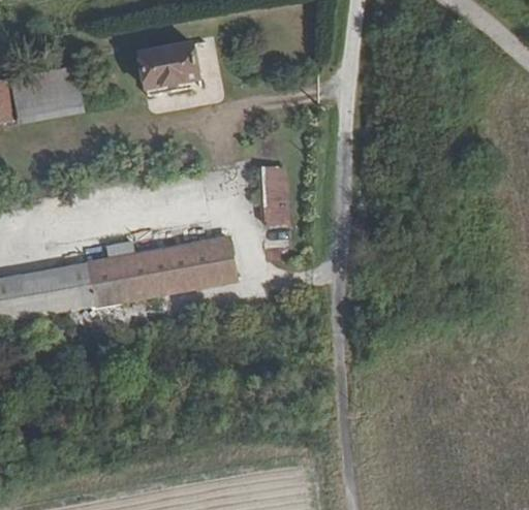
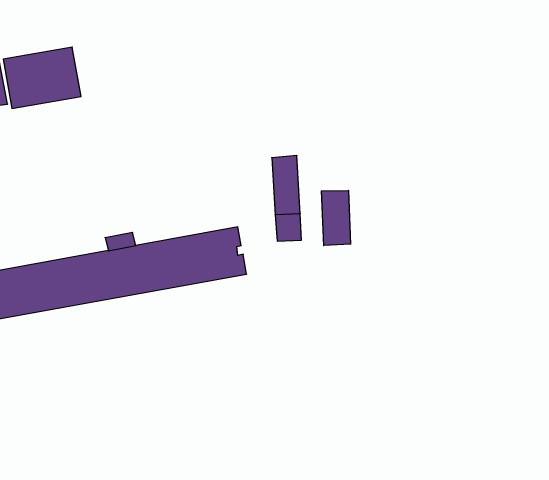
building: [138,43,198,96] -> none
building: none -> [321,190,351,246]

